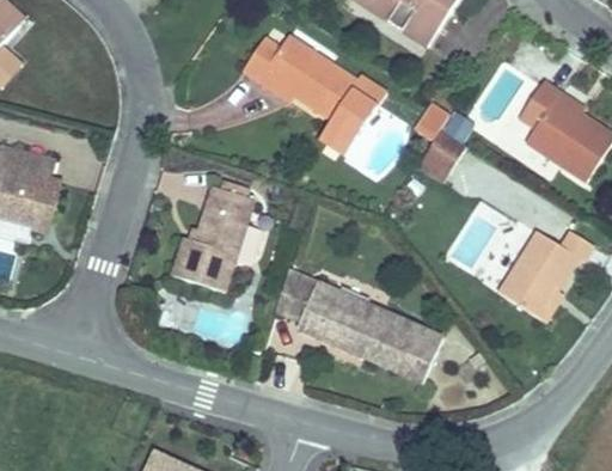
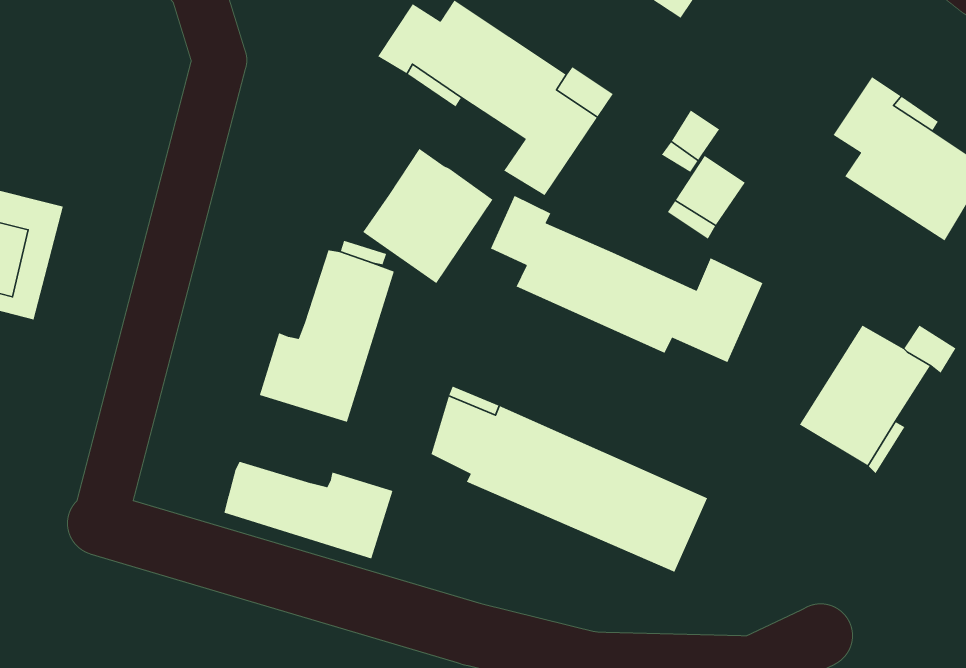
building: none -> [362,148,494,284]
building: none -> [490,195,763,363]
building: none -> [224,461,393,559]

